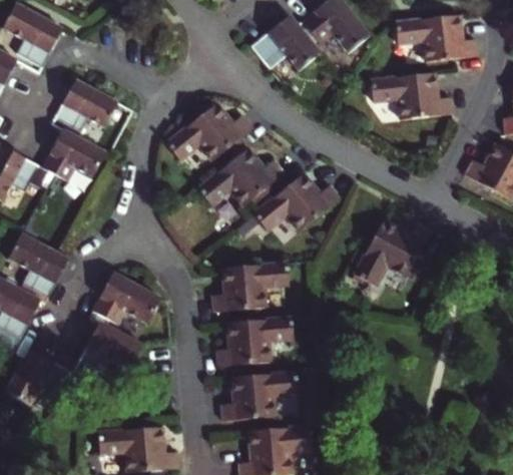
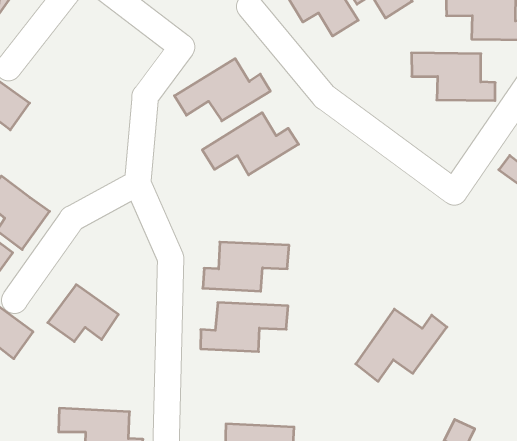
building: [55,82,117,133] -> none
building: [42,131,105,183] -> none
building: [253,173,339,229] -> none
building: [352,219,429,286] -> [356,309,447,381]
building: [92,275,159,327] -> none
building: [221,372,297,419] -> none

